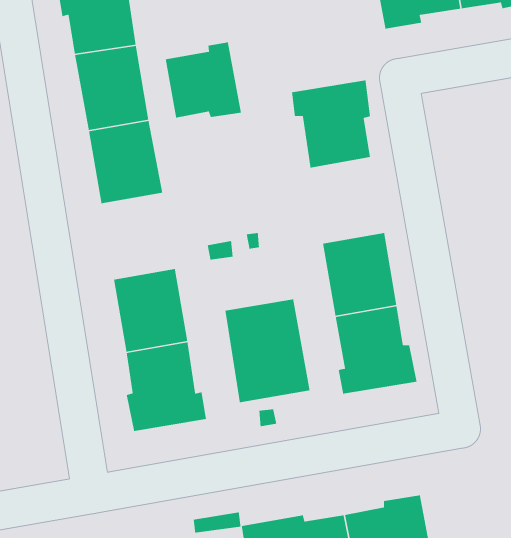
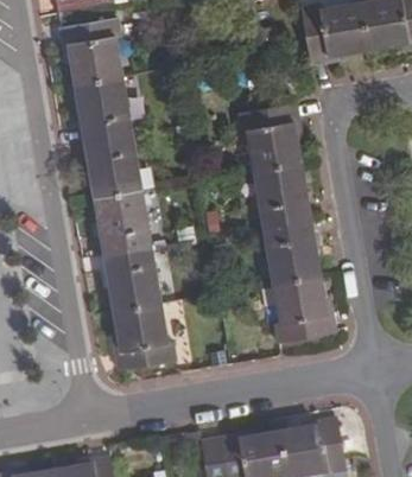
building: [165,42,242,119] -> none
building: none -> [253,163,310,228]
building: none -> [94,190,151,255]
building: [224,298,311,403] -> none

